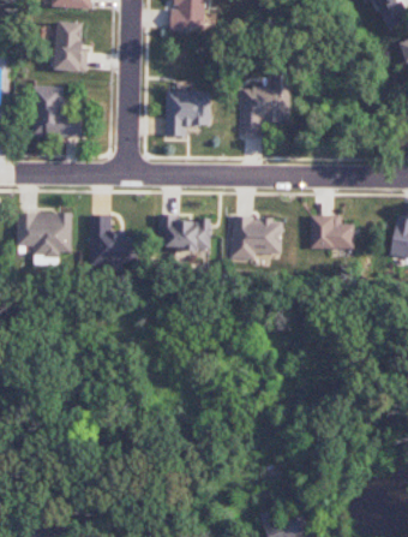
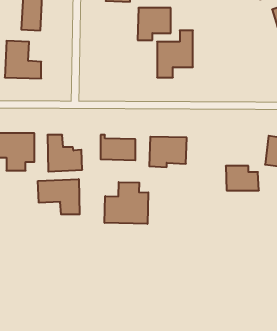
building: [164,91,210,136] -> [138,8,171,40]
building: [308,215,354,249] -> [226,166,259,190]
building: none -> [38,179,80,214]
building: none -> [105,182,148,224]

